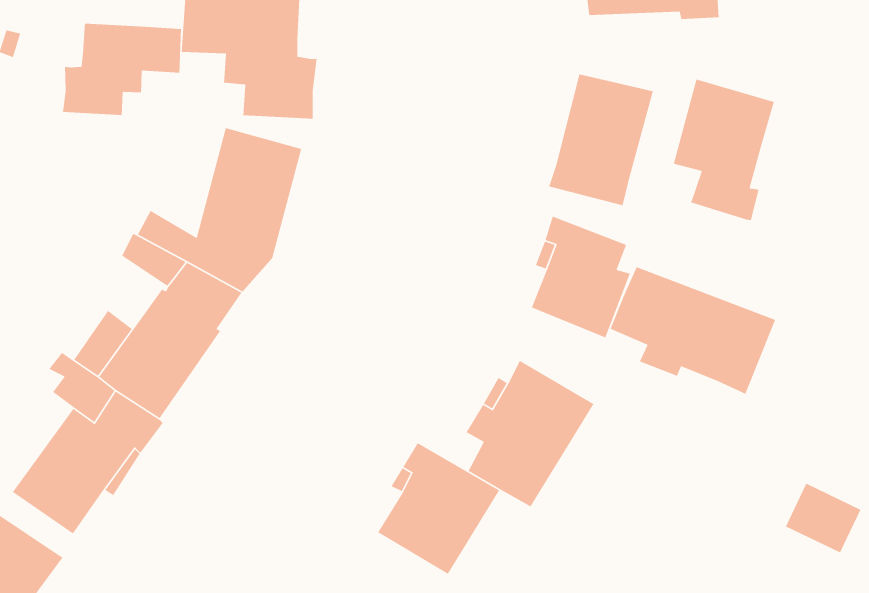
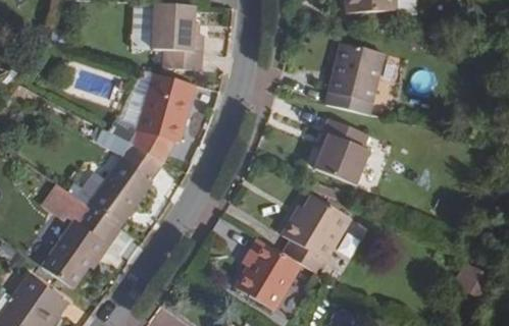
building: [62,23,182,116] -> none
building: [673,79,775,221] -> none
building: [610,266,776,395] -> none

